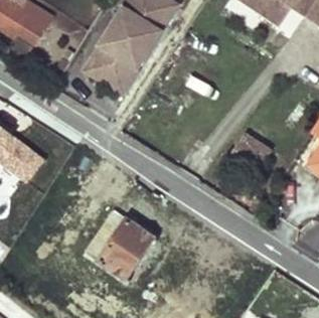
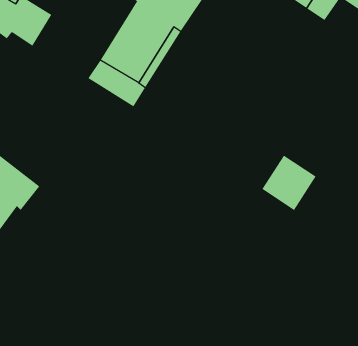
building: [81,206,152,277] -> none

